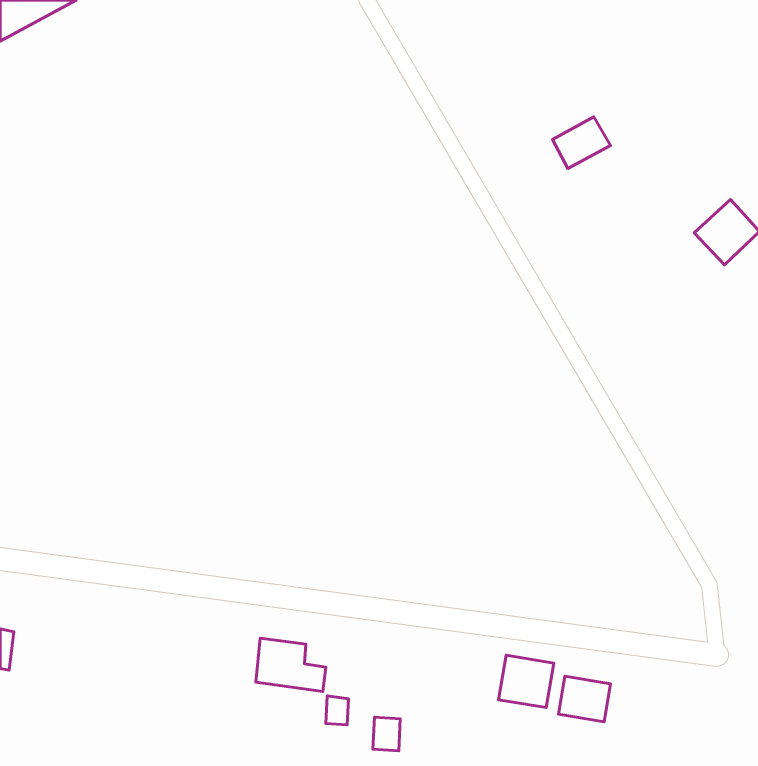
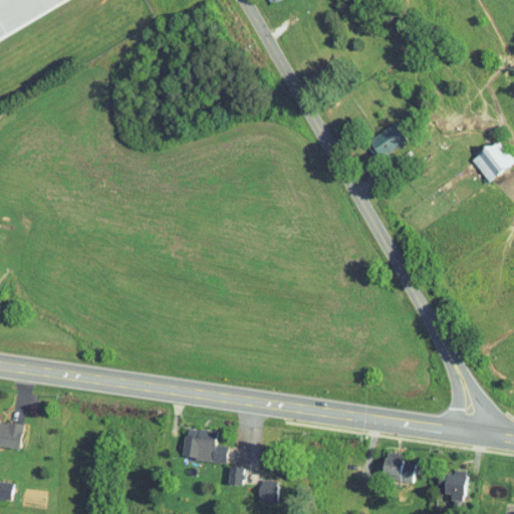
building: [553,117,610,168] -> [368,124,407,159]
building: [499,655,554,708] -> none
building: none -> [438,471,466,503]

